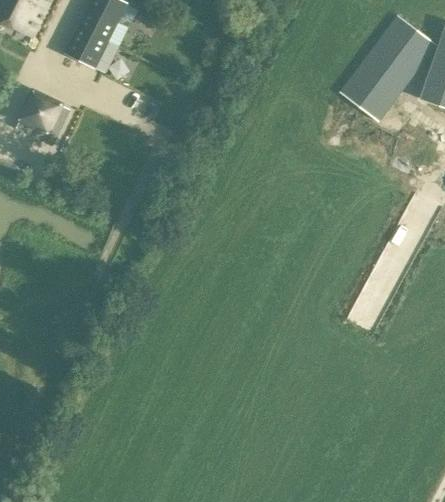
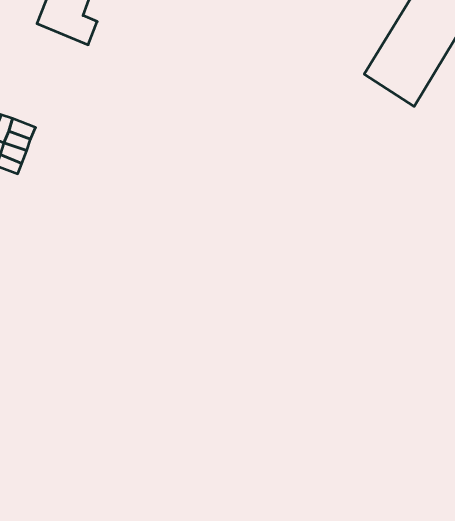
building: [66,26,120,68] -> none

